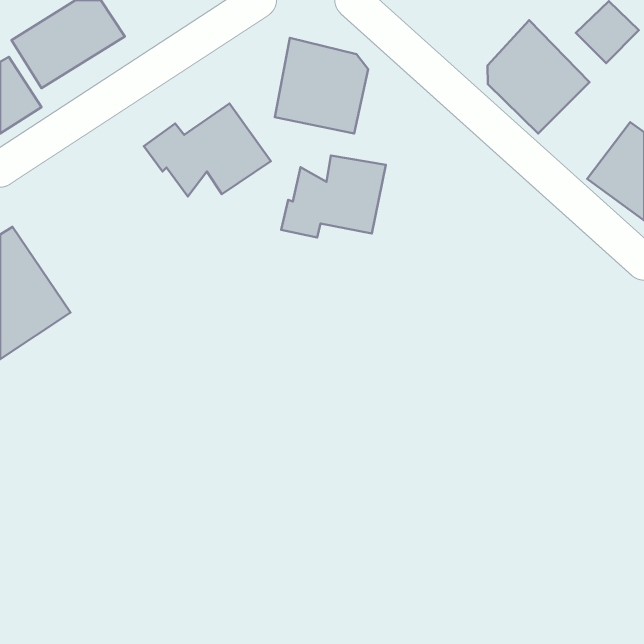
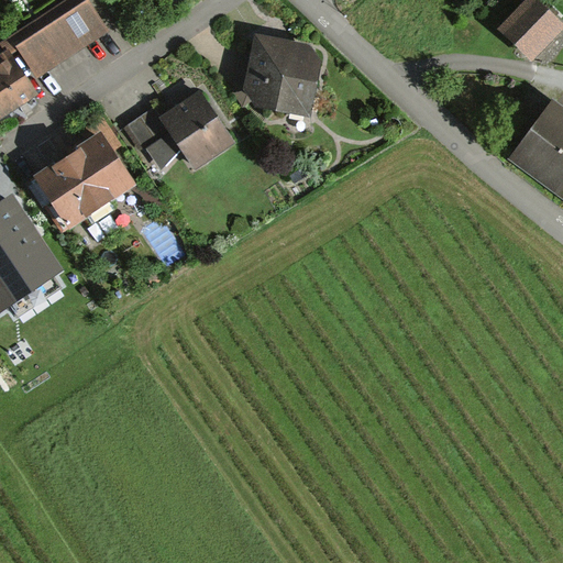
building: [487,20,589,134] -> none
building: none -> [35,115,135,228]
building: [281,156,386,237] -> none

